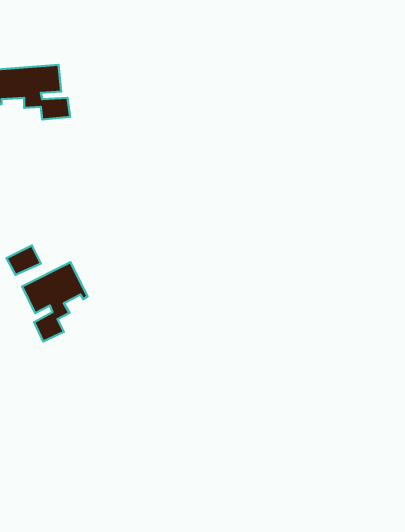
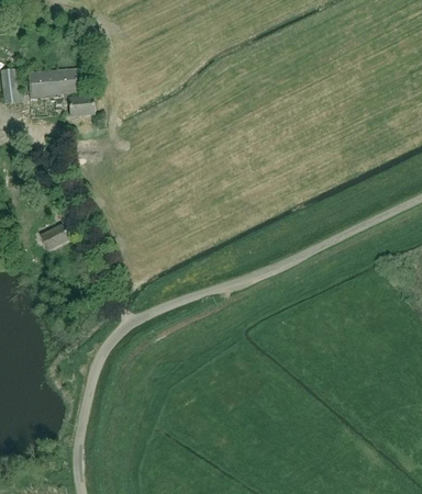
building: [22,262,88,342] -> none

